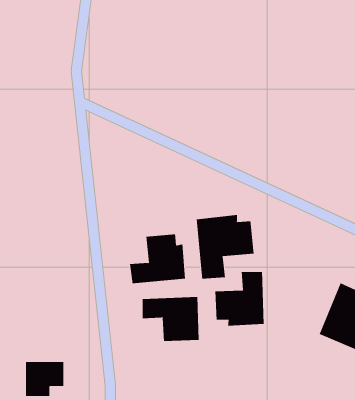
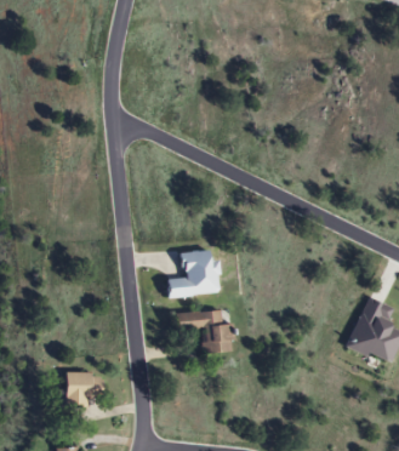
building: [196,214,254,279] -> none
building: [215,271,264,327] -> none

